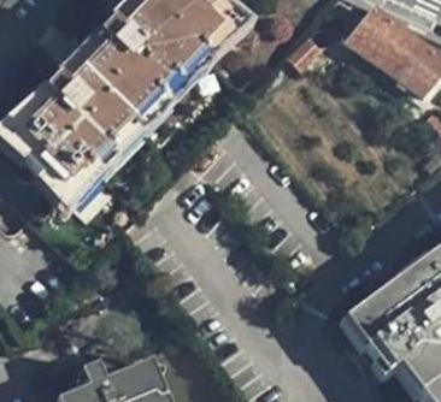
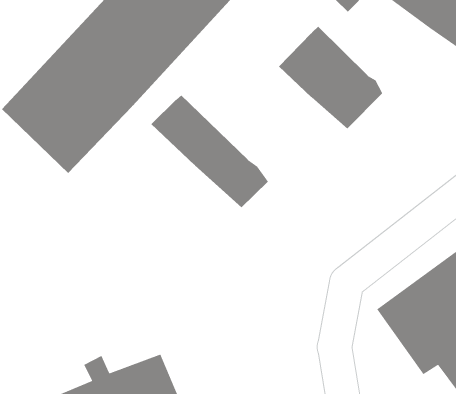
building: none -> [278,26,383,129]
building: none -> [150,95,269,208]

